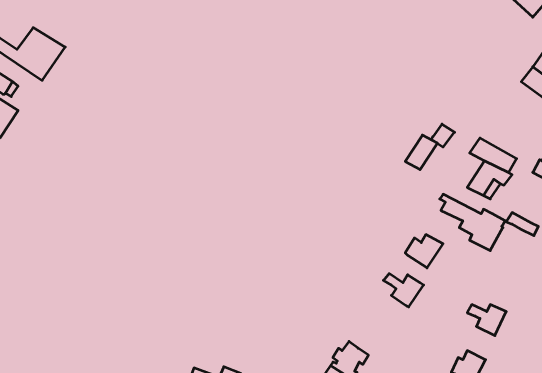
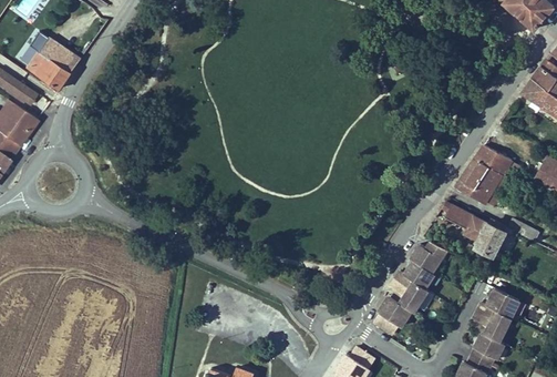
building: [405,135,437,170] -> [456,161,487,194]
building: none -> [395,259,434,286]
building: none -> [475,284,514,314]
building: none -> [375,295,412,332]
building: none -> [471,328,502,360]

